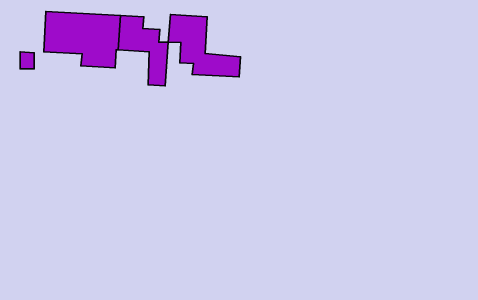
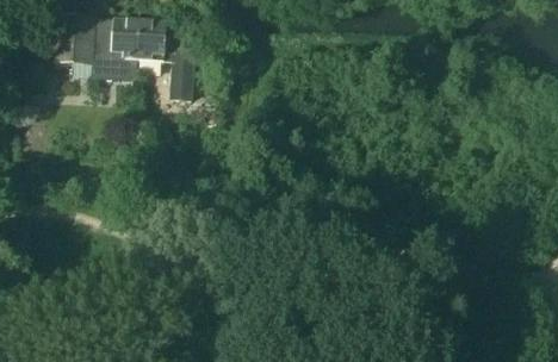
building: [168,15,240,77] -> none

